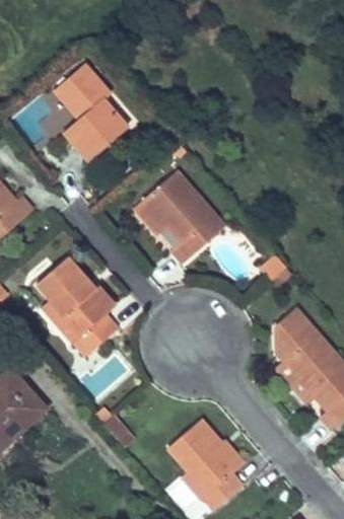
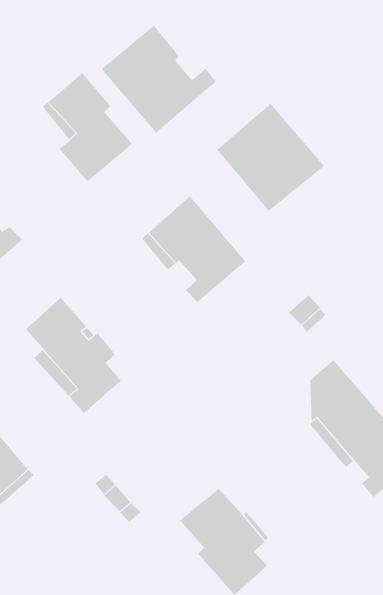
building: none -> [101,25,216,133]
building: none -> [217,103,325,212]

